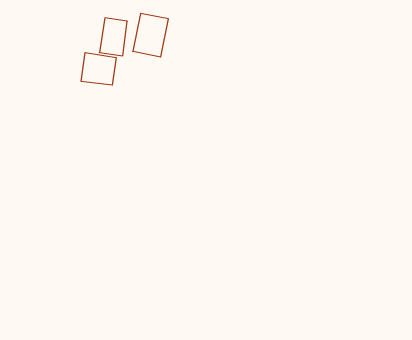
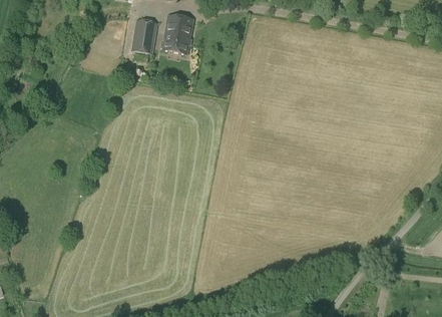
building: [81,53,116,85] -> none

